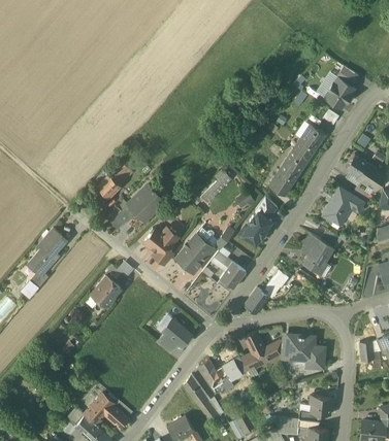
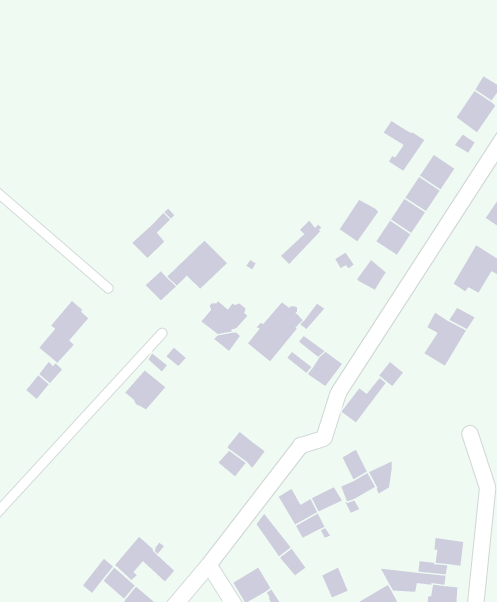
building: none -> [382,120,425,172]
building: [242,214,271,245] -> [338,199,379,242]
building: [287,336,325,368] -> none

